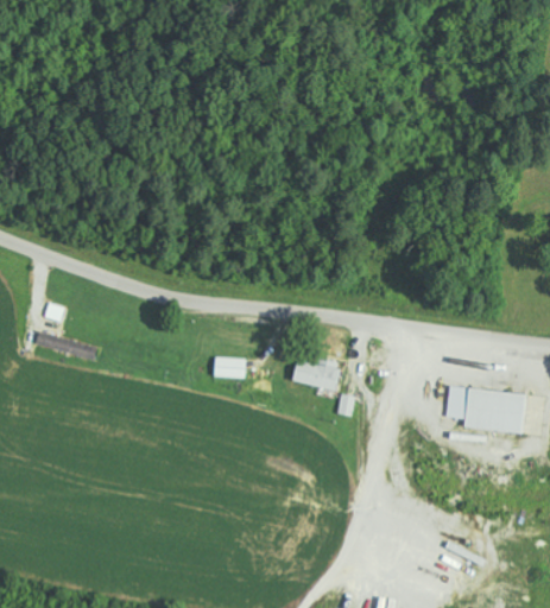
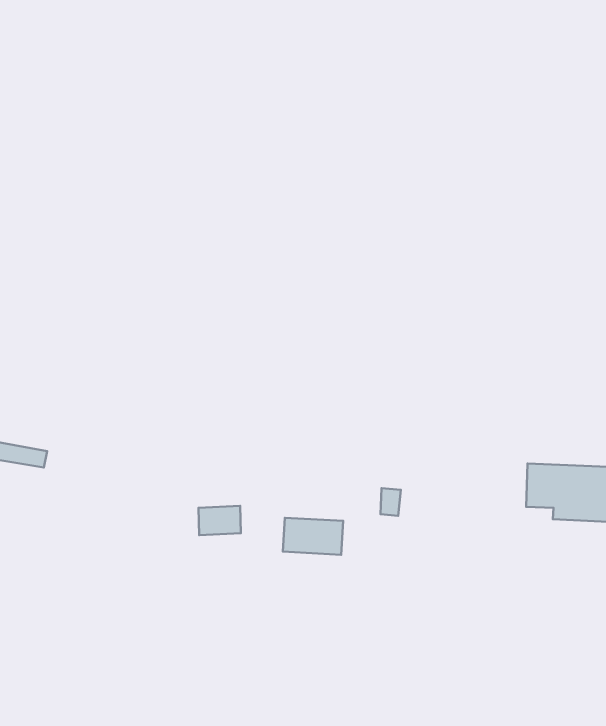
building: [213,356,245,378] -> [199,506,241,535]
building: [292,357,339,388] -> [283,518,343,555]

